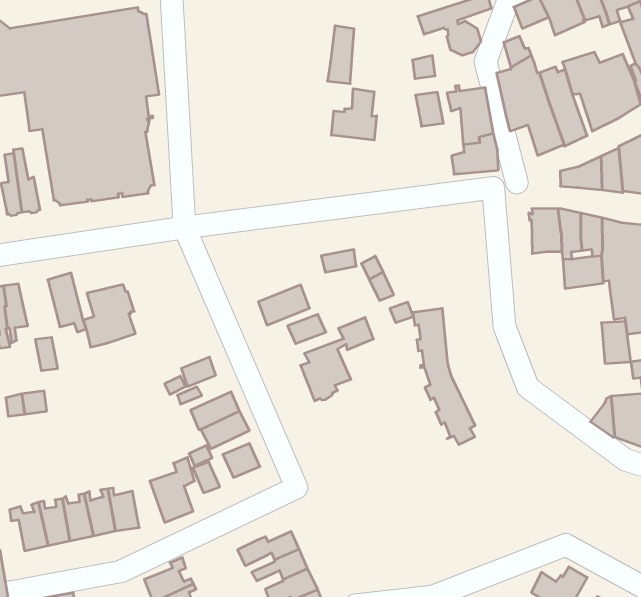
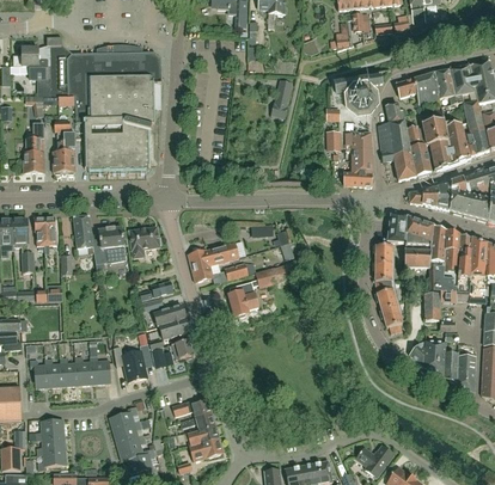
building: [331,89,377,140] -> none
building: none -> [129,227,161,257]
building: none -> [188,250,213,282]
building: [413,308,475,445] -> [373,245,403,333]

